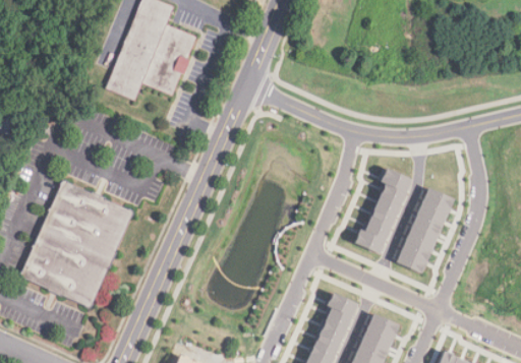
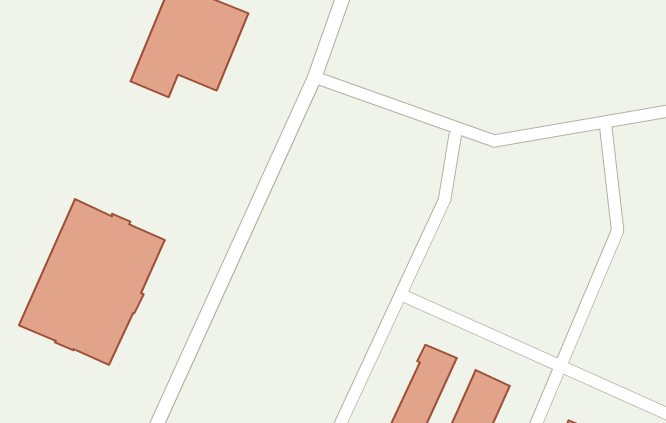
building: [354,167,411,253] -> none
building: [396,186,456,273] -> none

